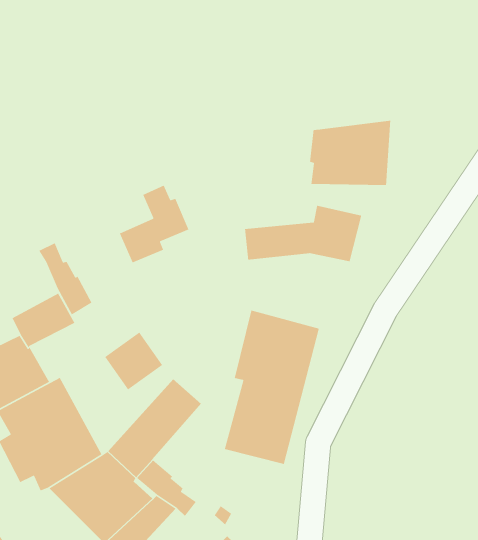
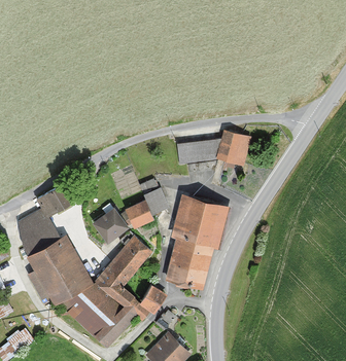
building: [309,120,391,186] -> none
building: [119,184,189,264] -> [126,179,169,227]
building: [38,242,92,316] -> none
building: none -> [140,285,166,314]

